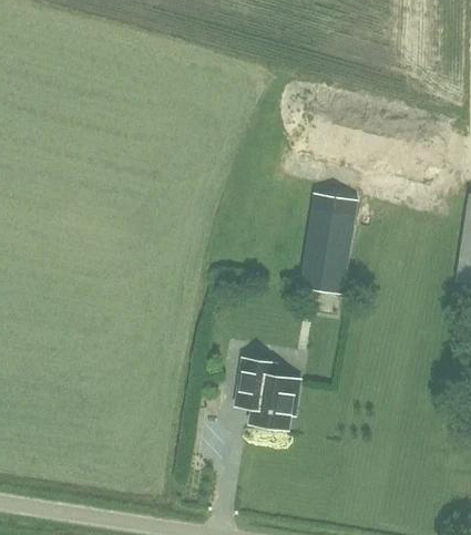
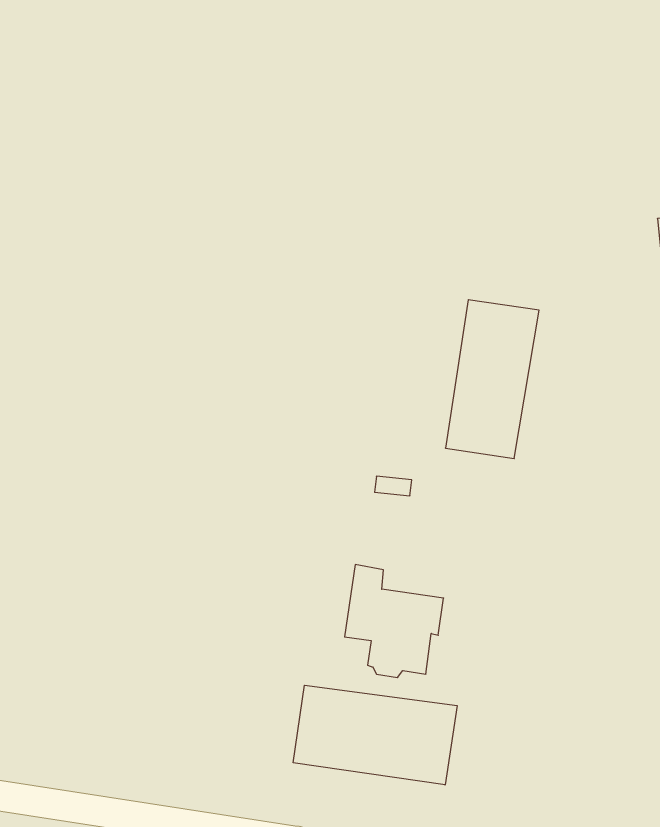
building: none -> [293,685,457,785]

